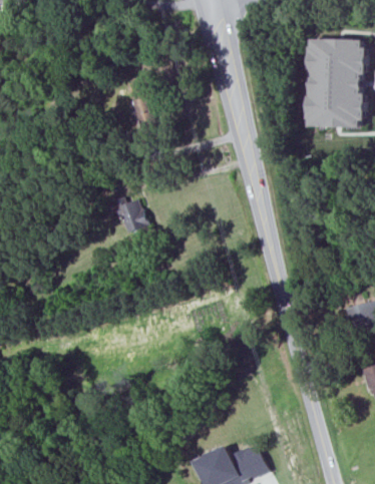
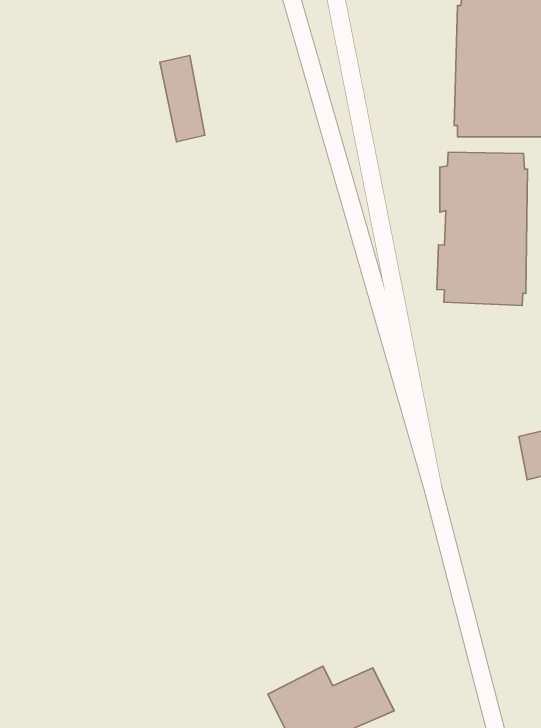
building: none -> [437,152,527,305]
building: [114,196,147,233] -> none

